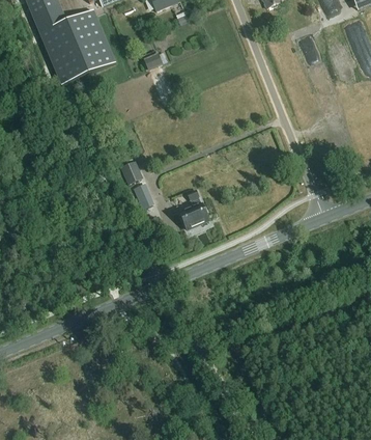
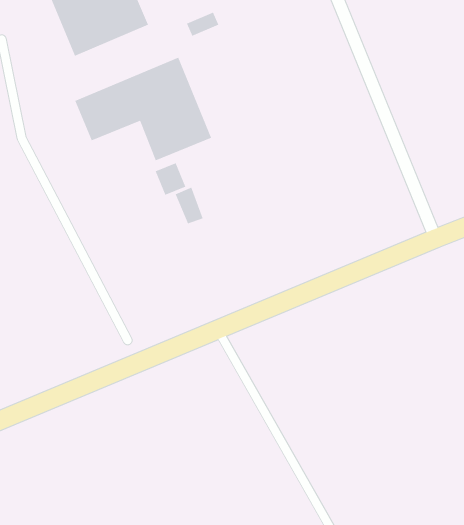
building: none -> [75,57,212,161]
building: [179,189,208,228] -> none

